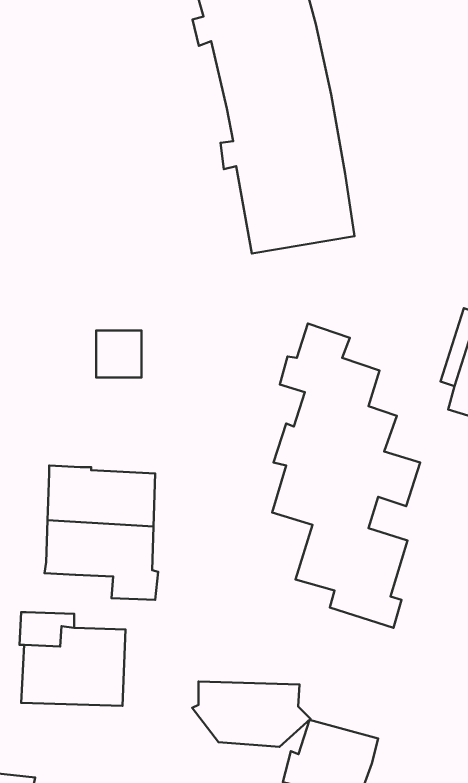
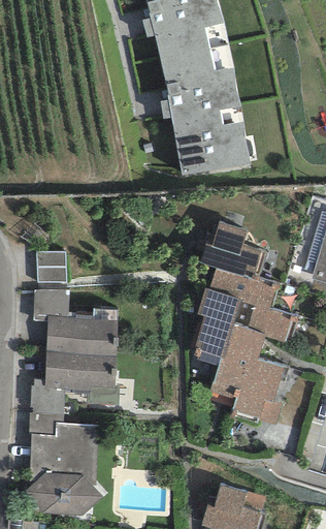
building: [96,331,141,377] -> [36,251,66,282]
building: none -> [33,289,69,320]
building: none -> [30,378,65,413]
building: [192,681,311,747] -> [25,472,103,516]

